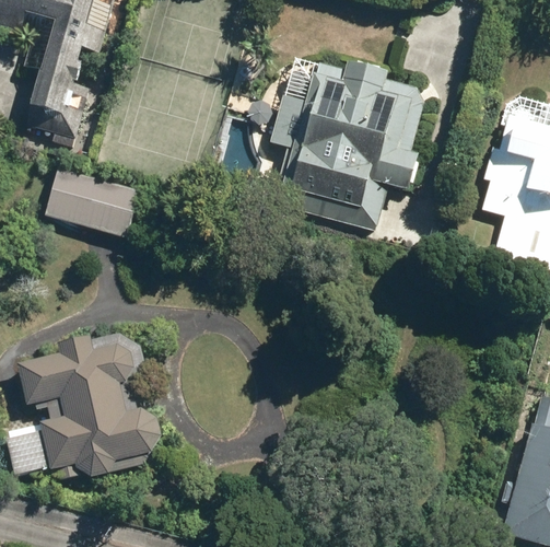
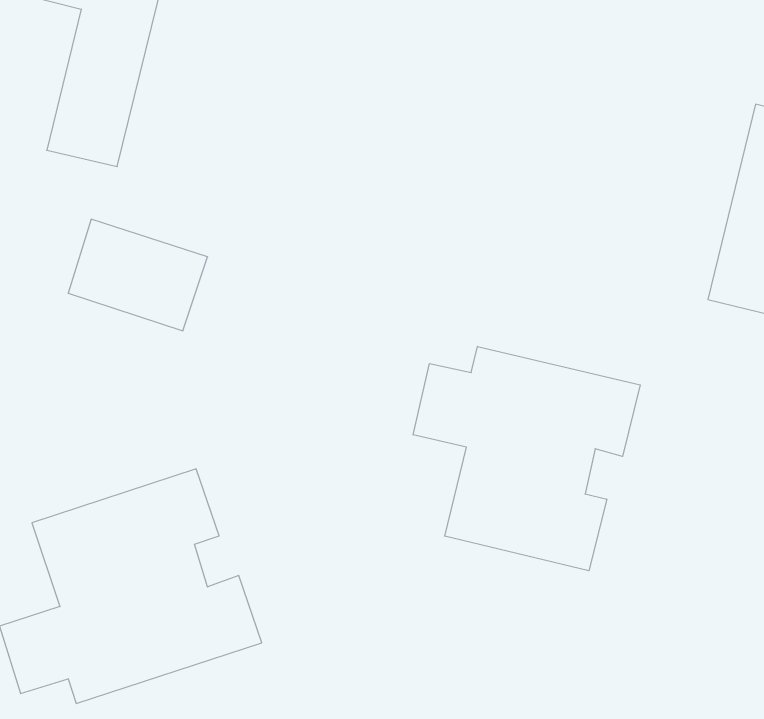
building: [260,60,429,218] -> none
building: none -> [413,346,640,571]

